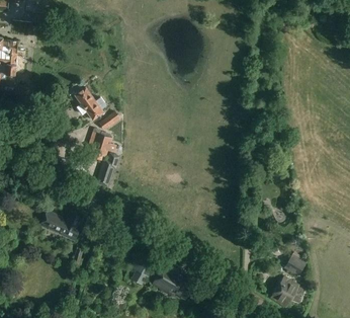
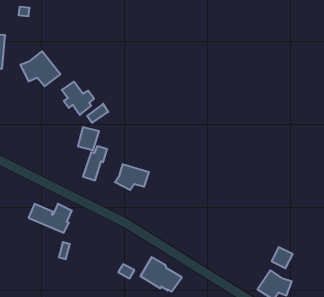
building: none -> [20,51,60,86]
building: none -> [115,164,149,190]

